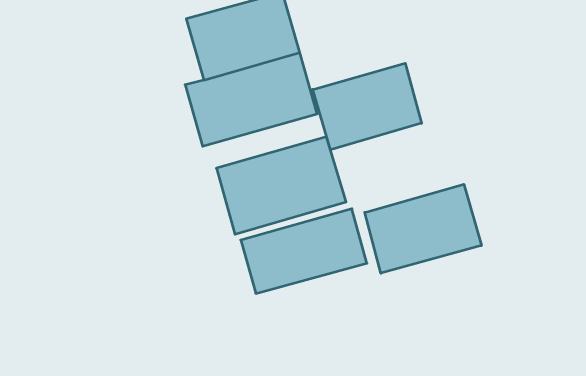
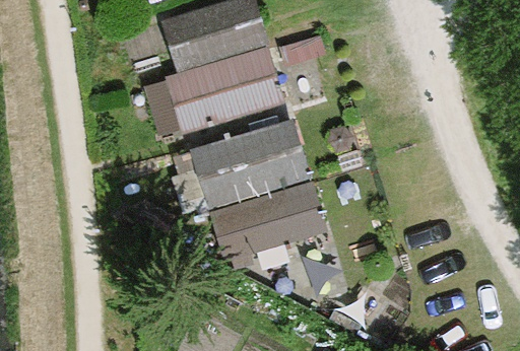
building: [313,63,422,150] -> none
building: [365,184,481,273] -> none

